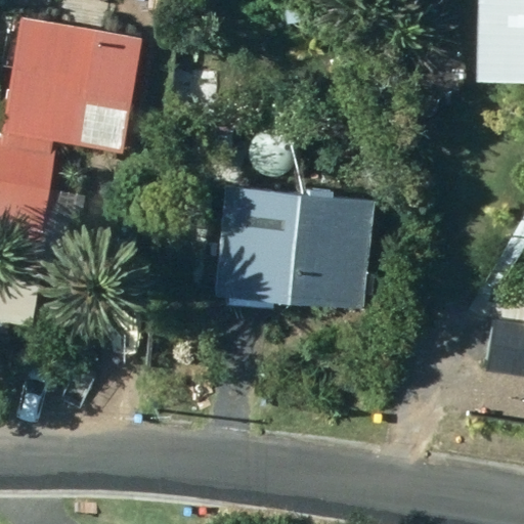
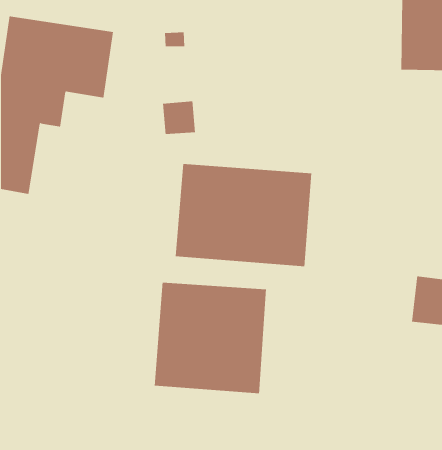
building: none -> [154,282,267,394]

